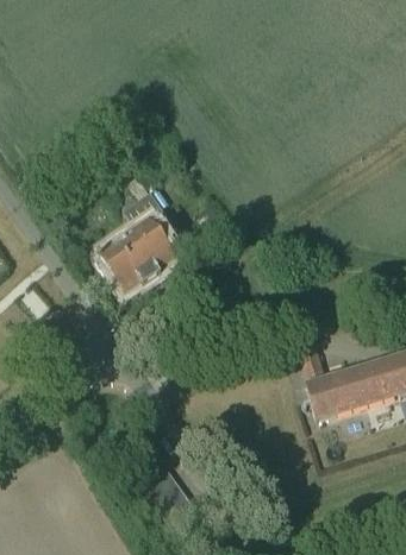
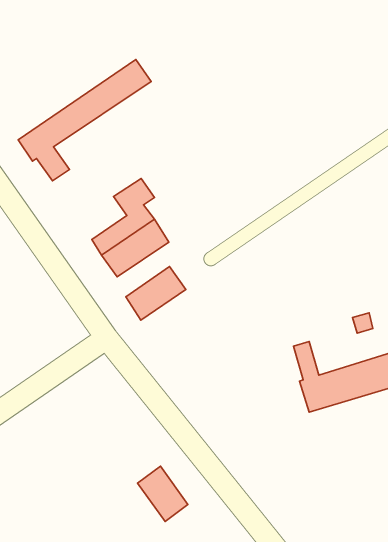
building: none -> [18,60,151,181]
building: none -> [126,267,186,320]

